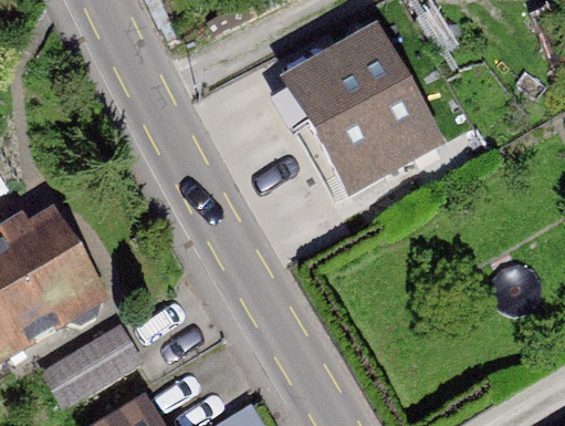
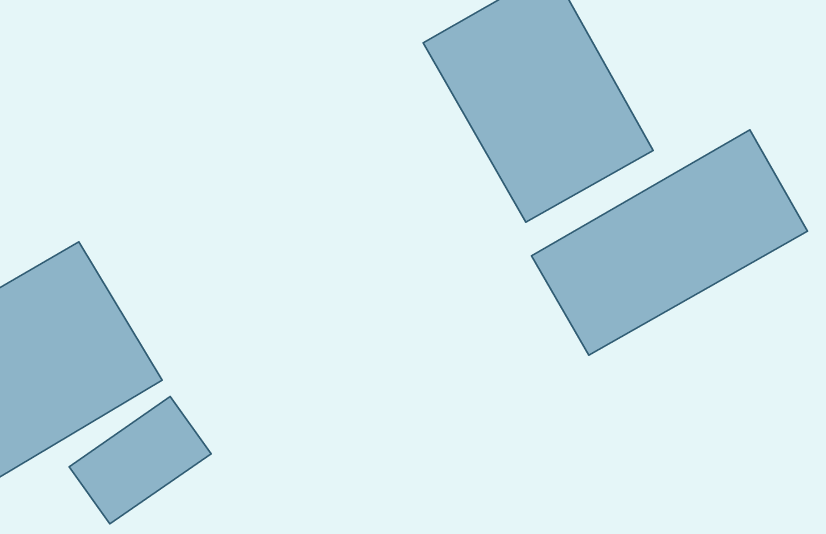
building: none -> [531,130,807,355]

